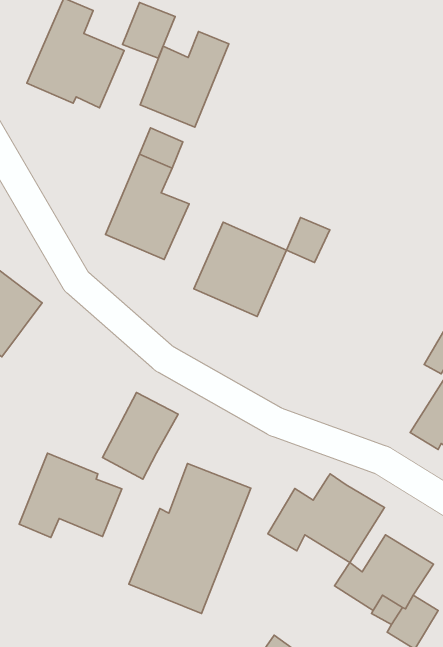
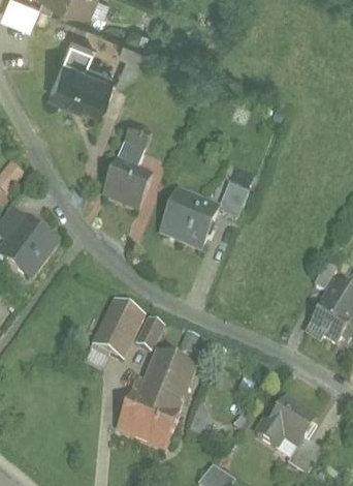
building: [140,32,229,127] -> none
building: none -> [134,314,165,350]
building: [19,453,122,537] -> none
building: [268,474,384,563] -> none

